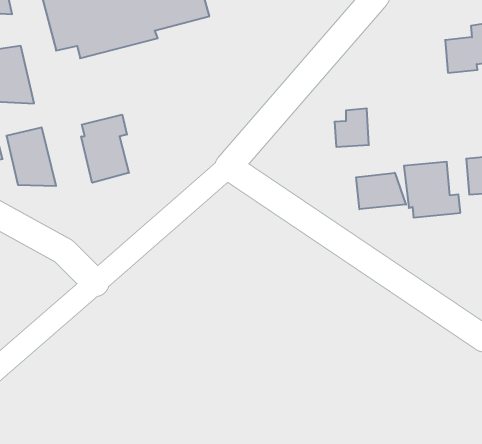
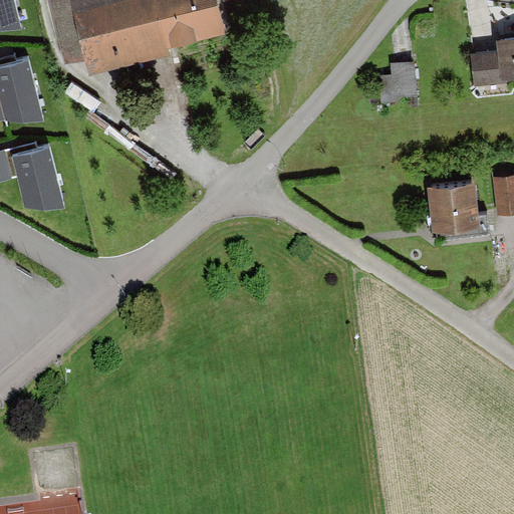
building: [334,109,369,147] -> [379,61,416,101]
building: [81,115,129,183] -> none
building: [356,173,406,209] -> none

